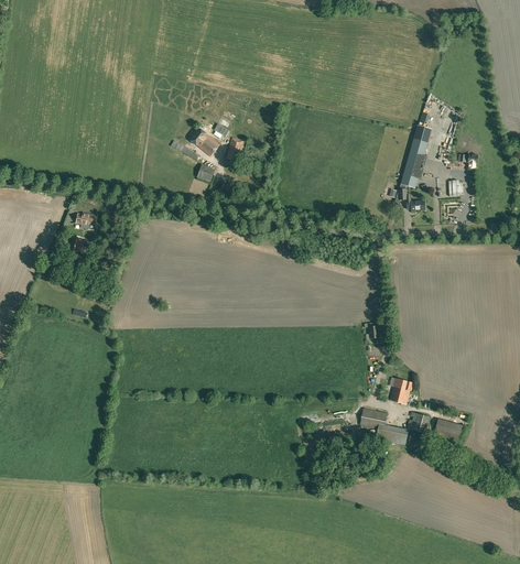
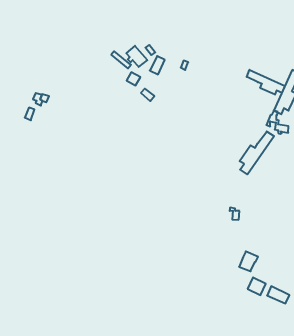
building: none -> [247,70,285,95]
building: none -> [240,131,274,174]
building: [360,408,409,444] -> none

